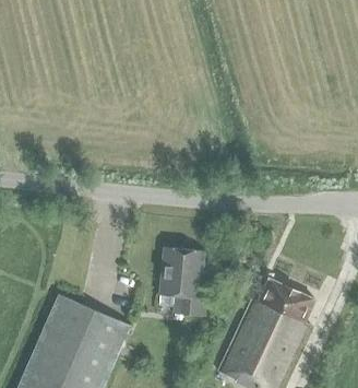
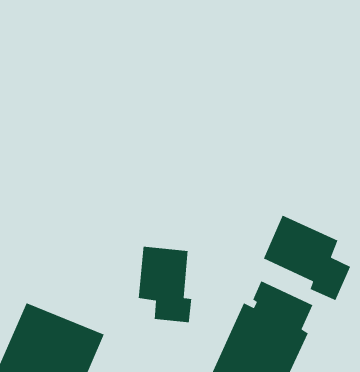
building: none -> [263,215,351,301]

